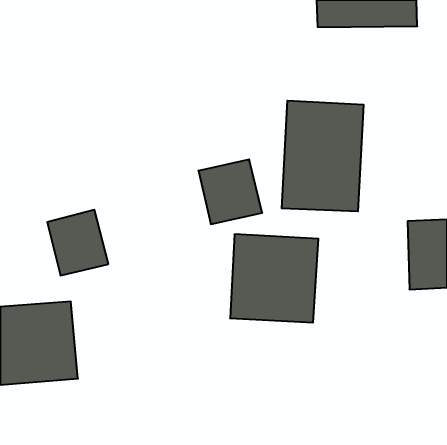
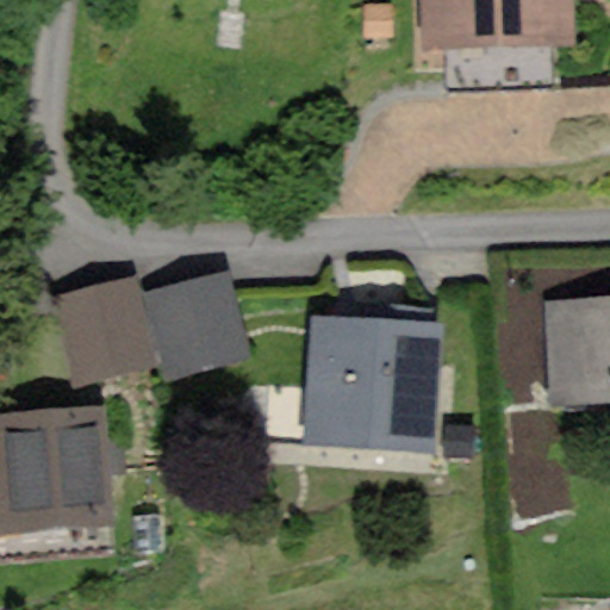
building: [282,101,363,211] -> none
building: [198,159,262,224] -> [156,280,243,368]

